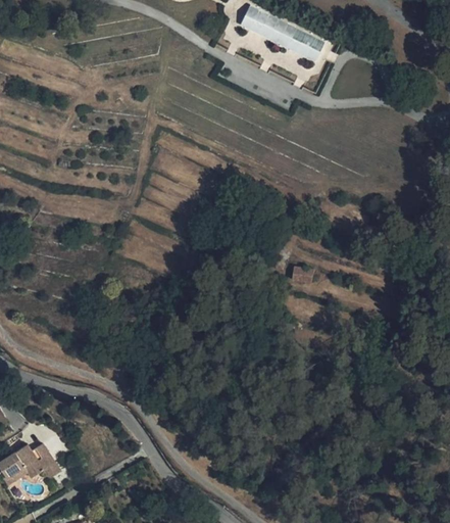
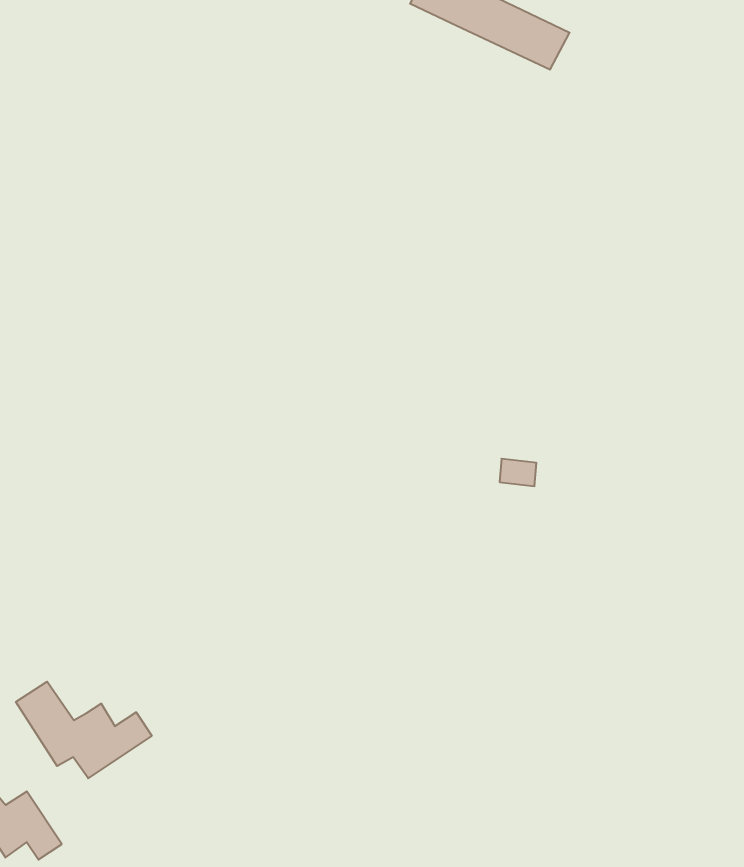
building: none -> [16,682,152,778]

